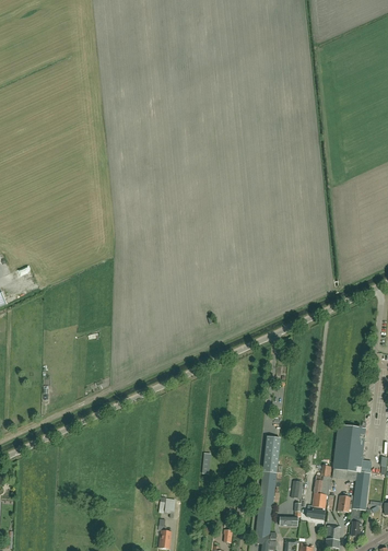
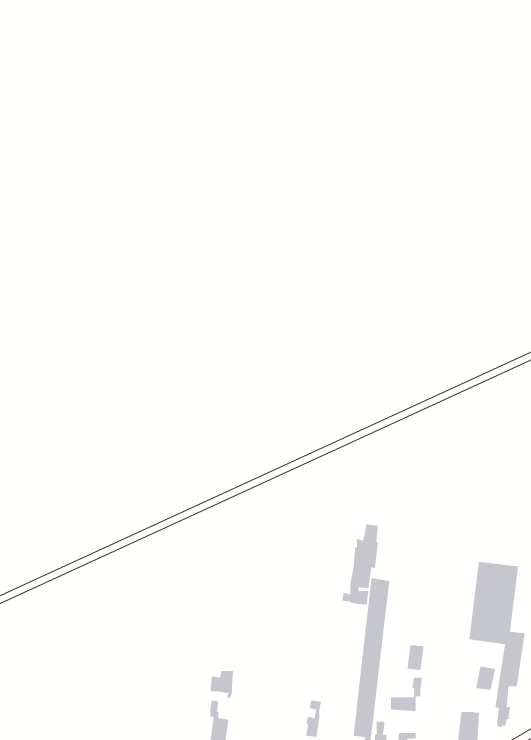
building: [306,465,331,519] -> [341,524,379,605]

